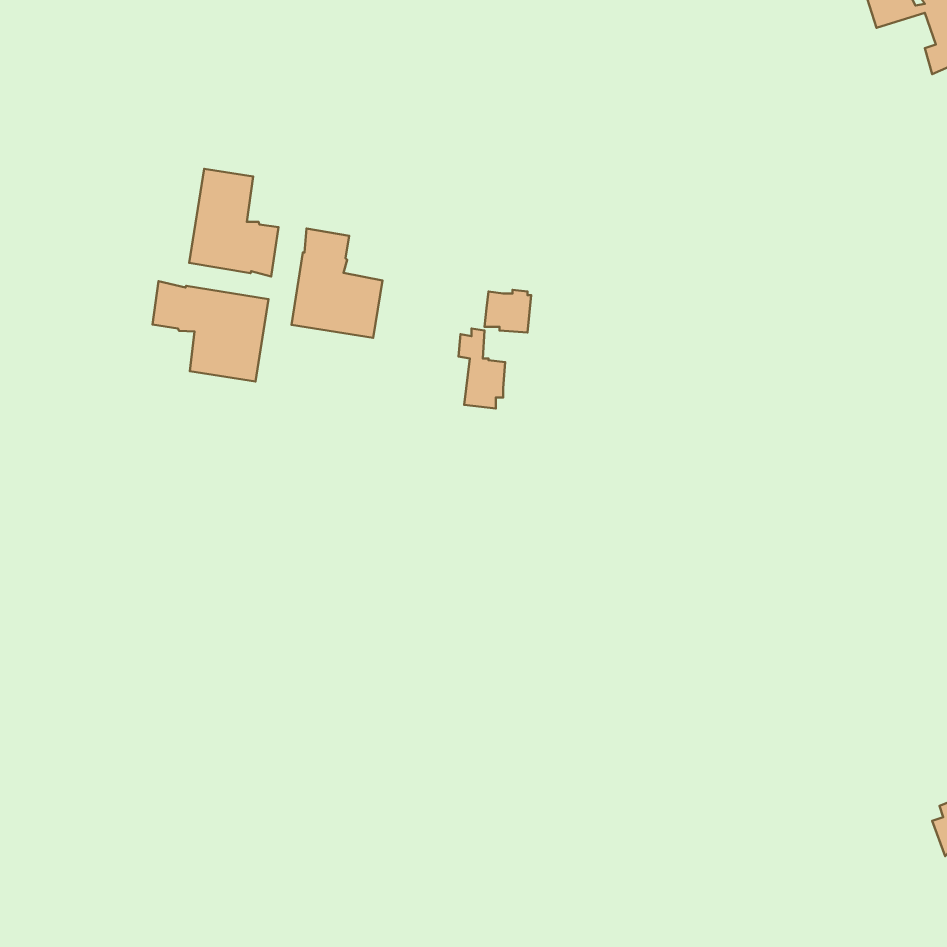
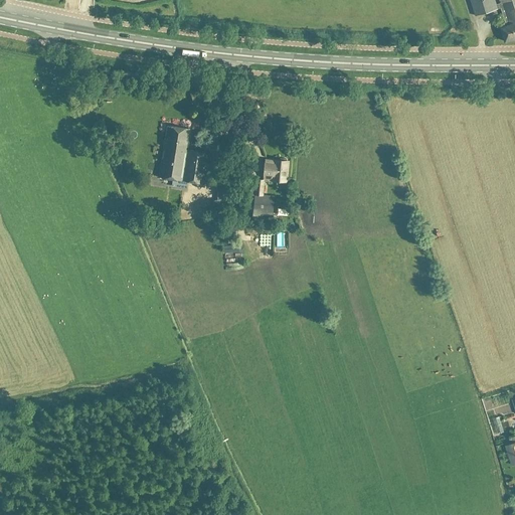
building: [189,169,278,277] -> none
building: [152,281,269,382] -> none

